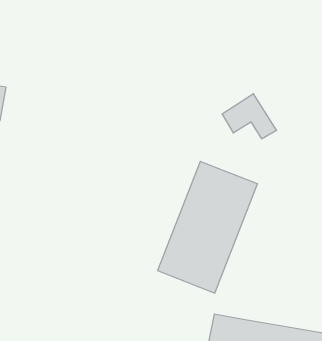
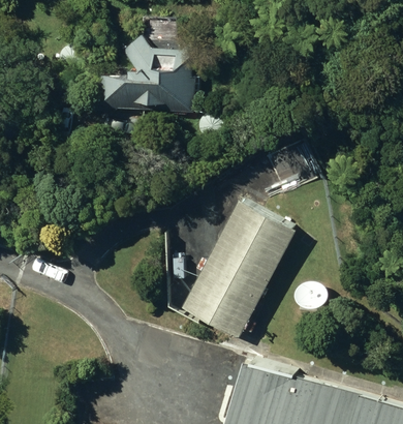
building: none -> [92,29,209,115]

